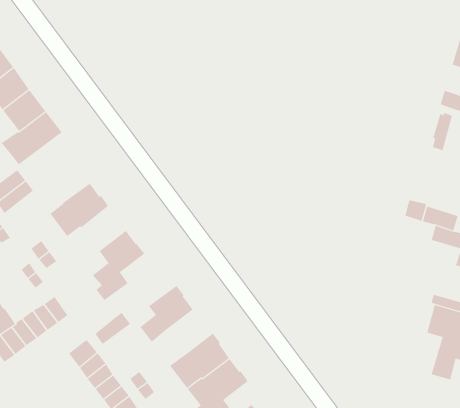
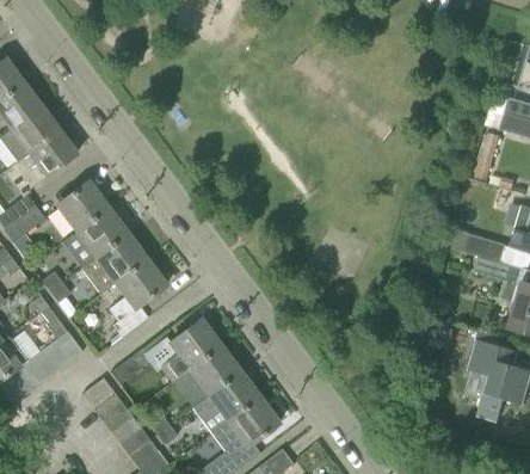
building: none -> [57,181,106,230]
building: none -> [81,234,146,294]
building: none -> [189,346,240,395]

